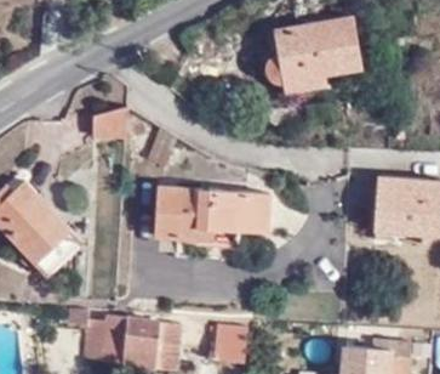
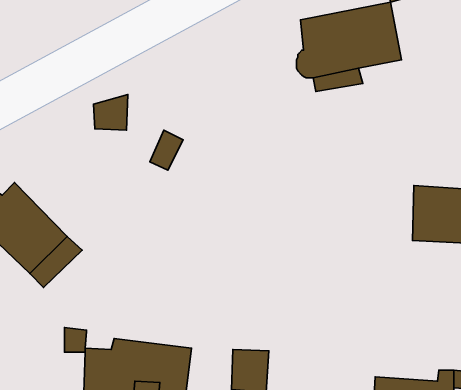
building: [152,187,265,239] -> none

